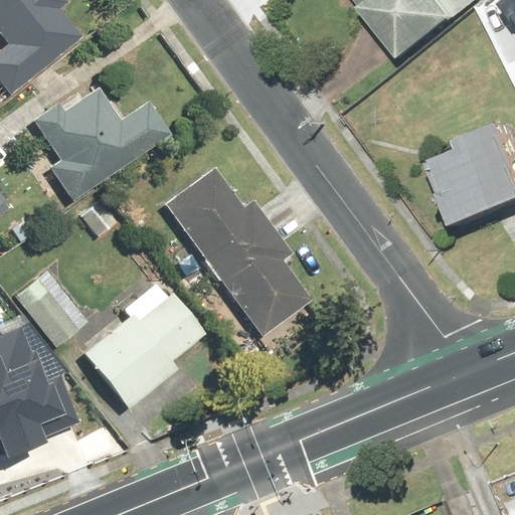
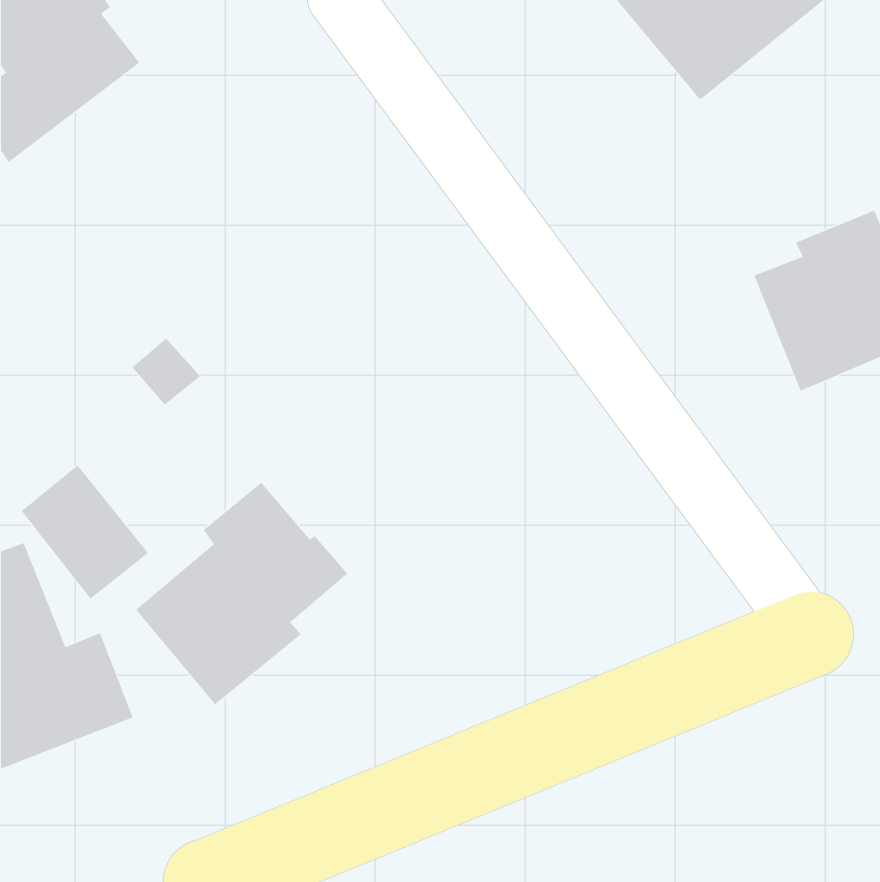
building: [29,84,169,203] -> none
building: [163,166,313,338] -> none

